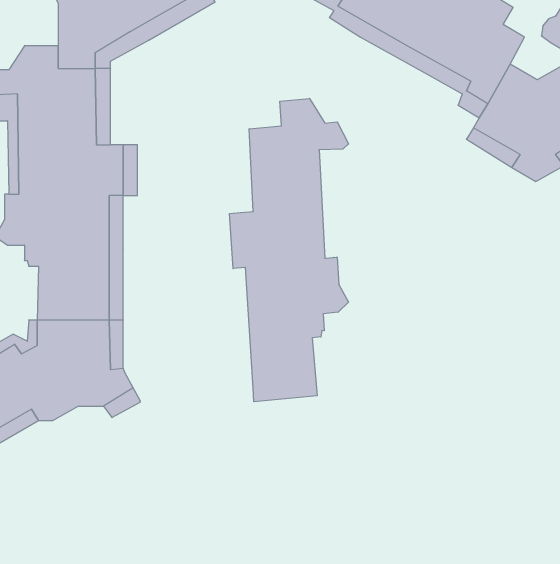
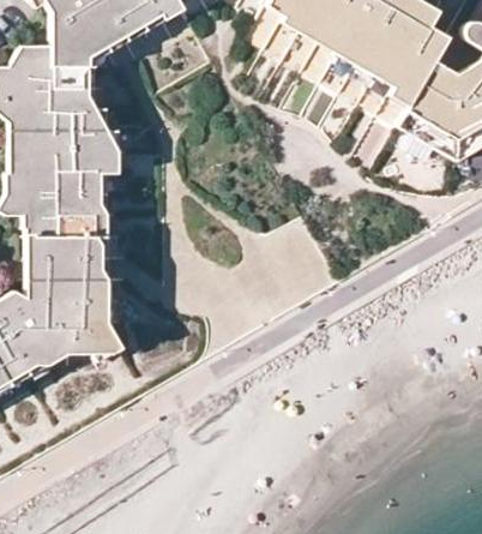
building: [230,98,349,402] -> none

